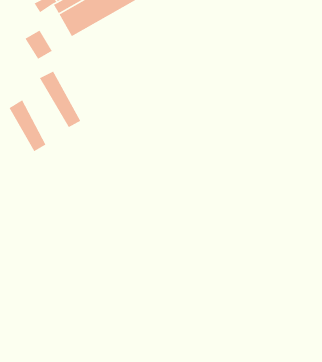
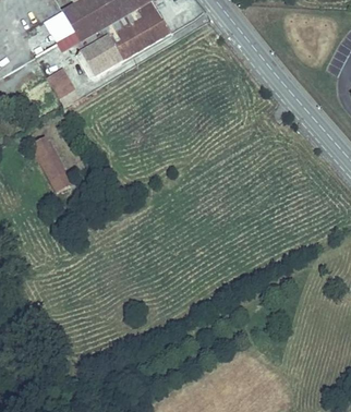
building: [39,71,82,128] -> none

